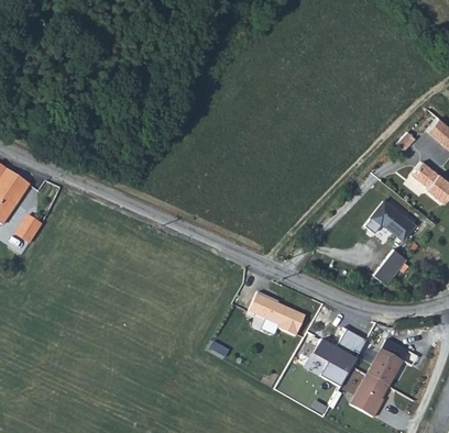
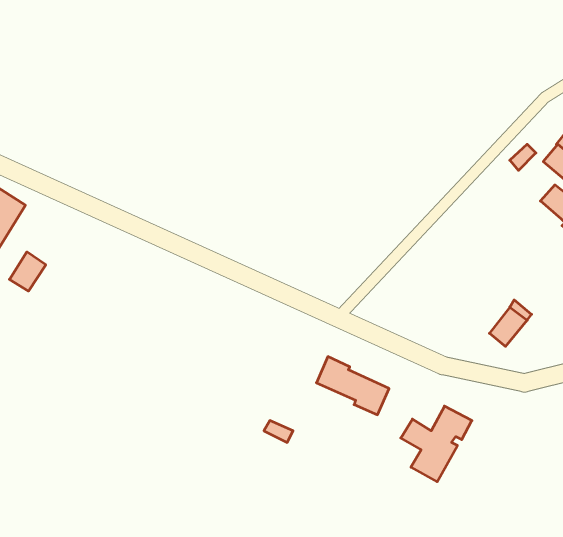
building: [374,200,419,240] -> none
building: [343,347,395,418] -> none

